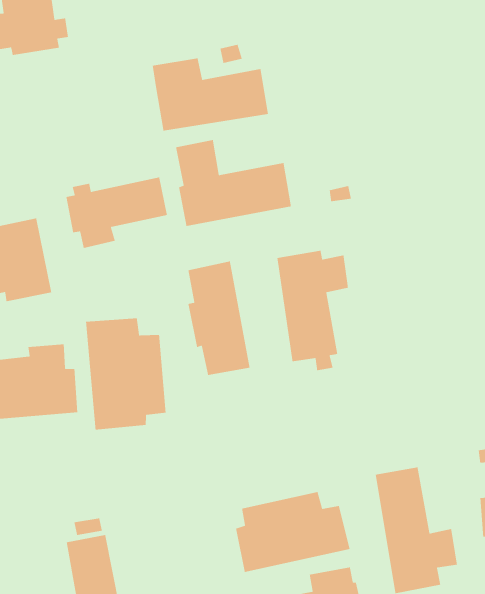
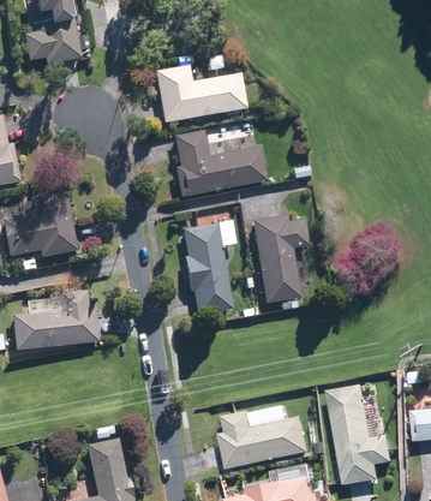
building: [65,177,168,249] -> none
building: [85,318,167,430] -> none

